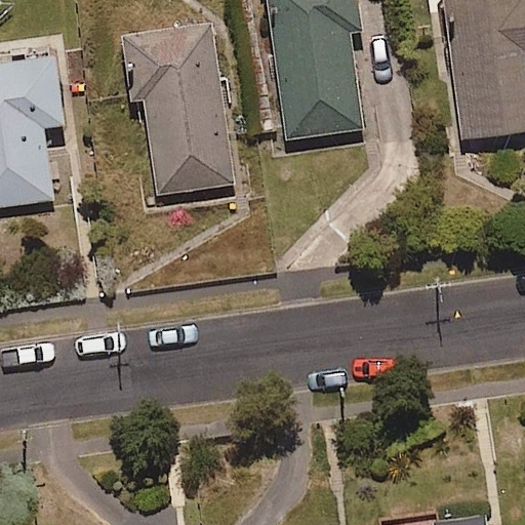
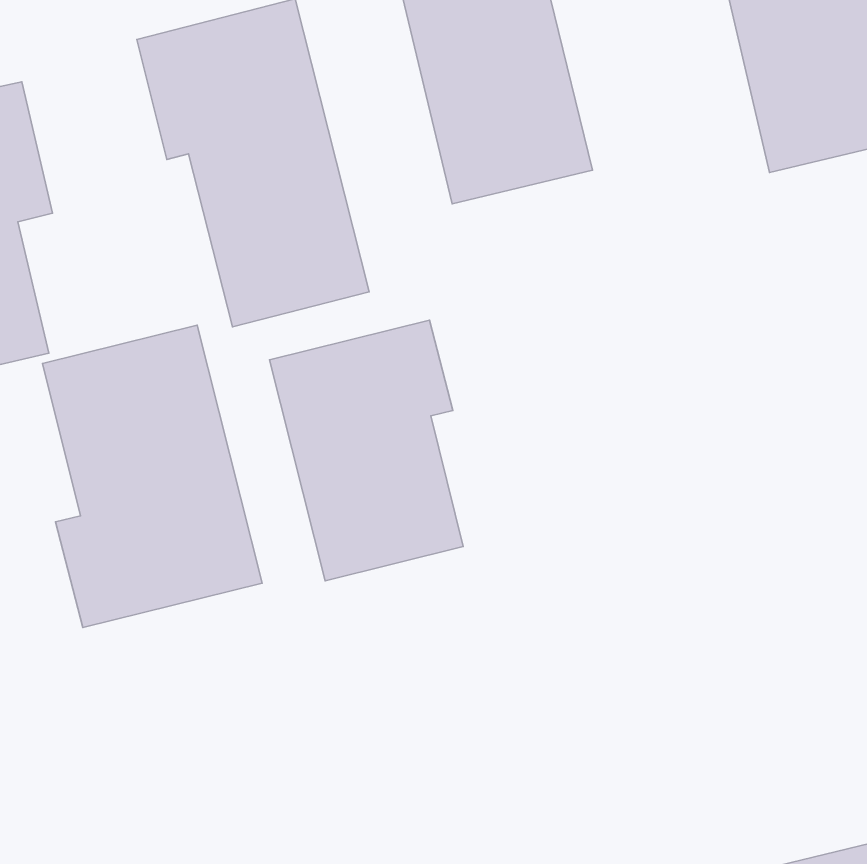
building: none -> [43,325,262,628]
building: none -> [270,320,463,581]

